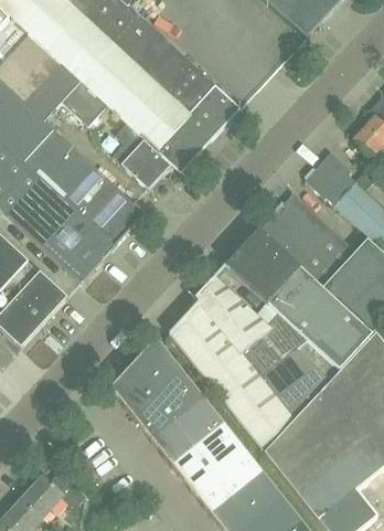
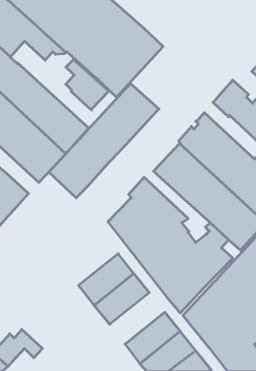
building: none -> [49,83,159,198]
building: [110,347,182,413] -> none
building: [171,422,242,488] -> none

